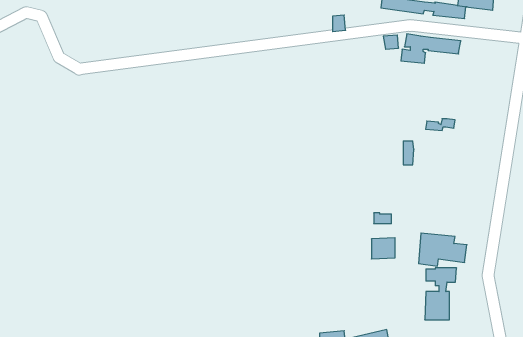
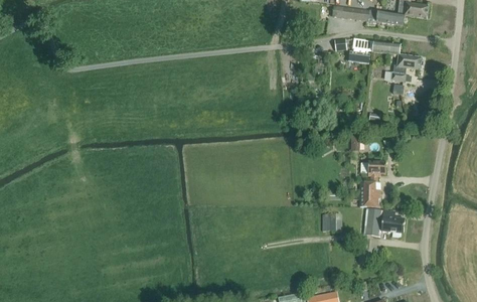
building: none -> [390,53,422,81]
building: [425,268,457,320] -> [358,161,385,205]

